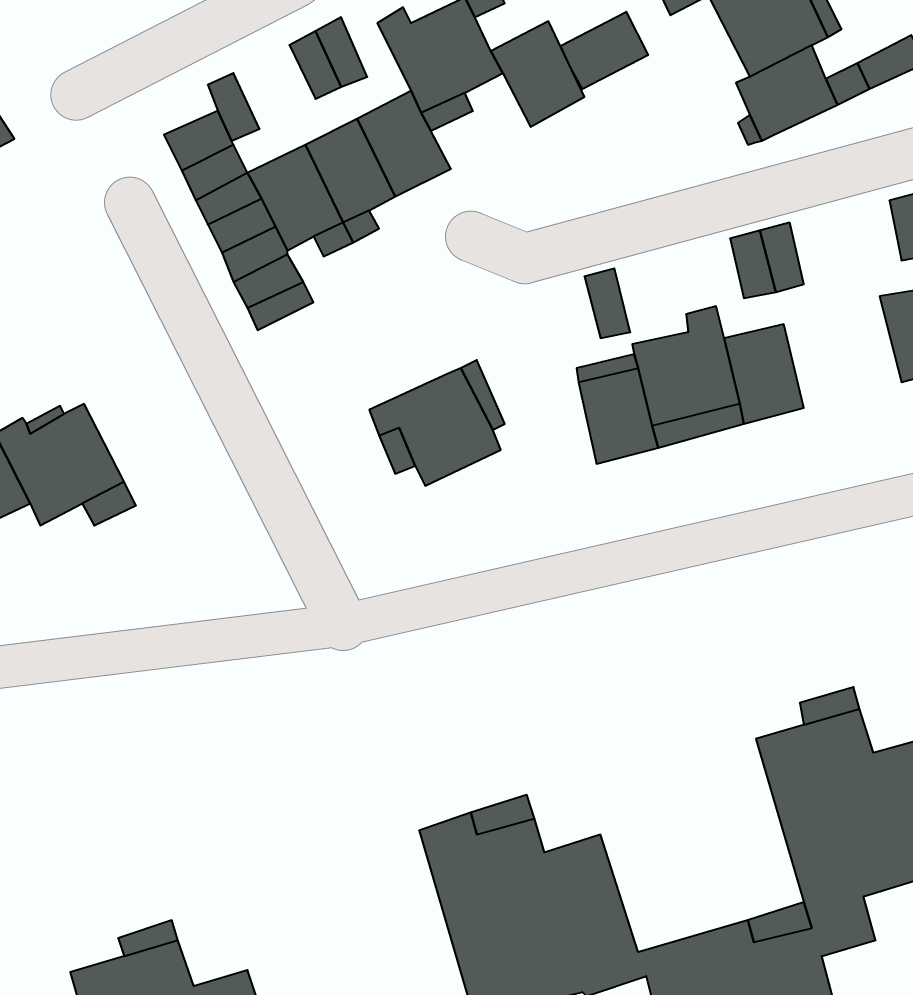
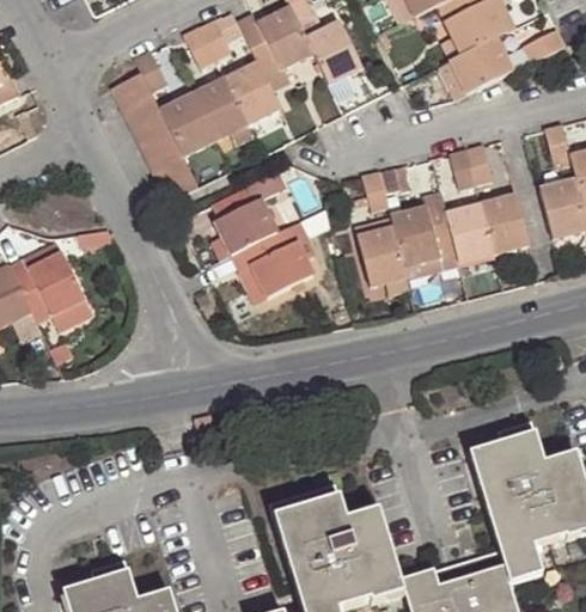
building: [560,12,648,89] -> none
building: none -> [220,172,288,253]
building: none -> [483,192,530,252]

